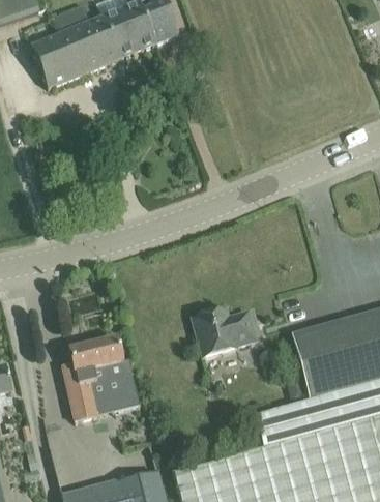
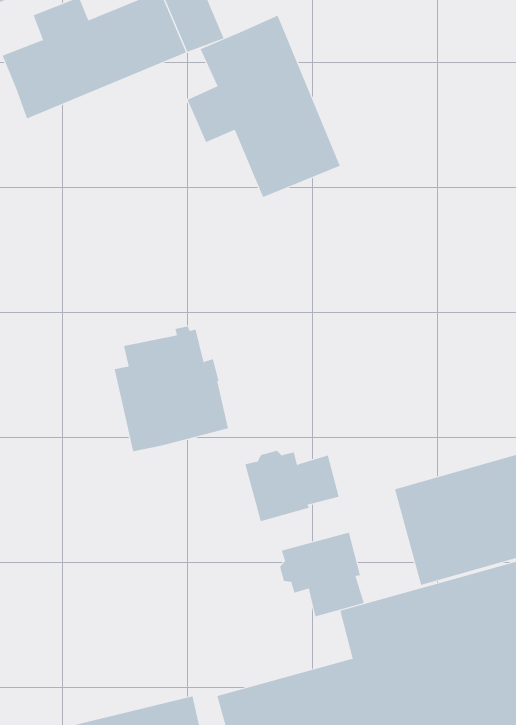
building: none -> [187,15,341,198]
building: [63,336,140,420] -> [114,326,229,452]
building: none -> [280,532,364,617]

